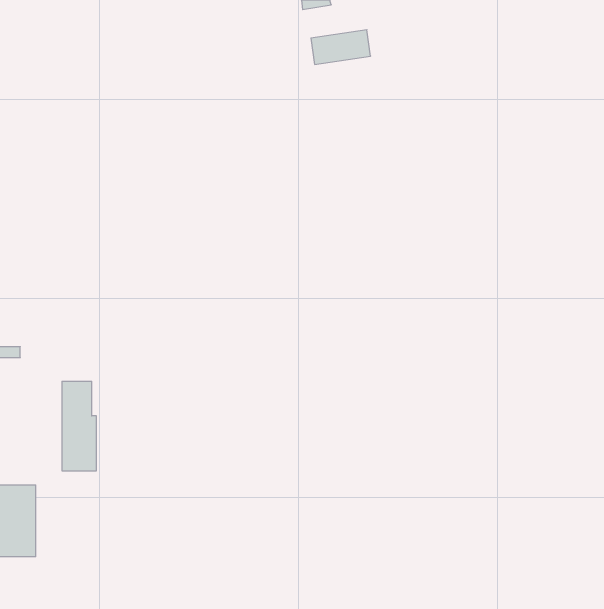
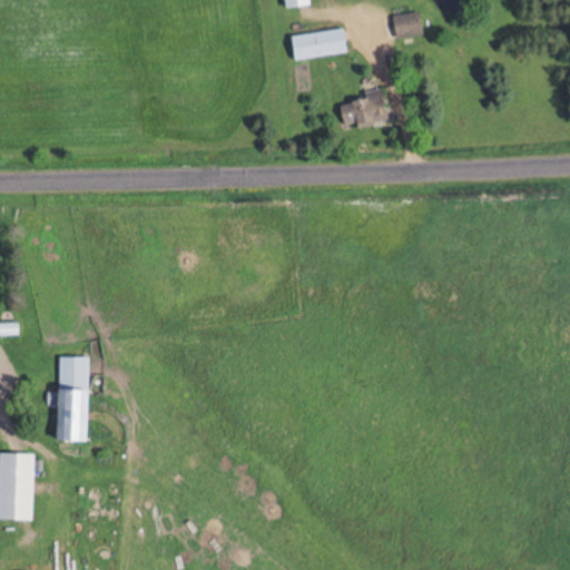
building: none -> [391,11,422,38]
building: none -> [341,89,390,129]

